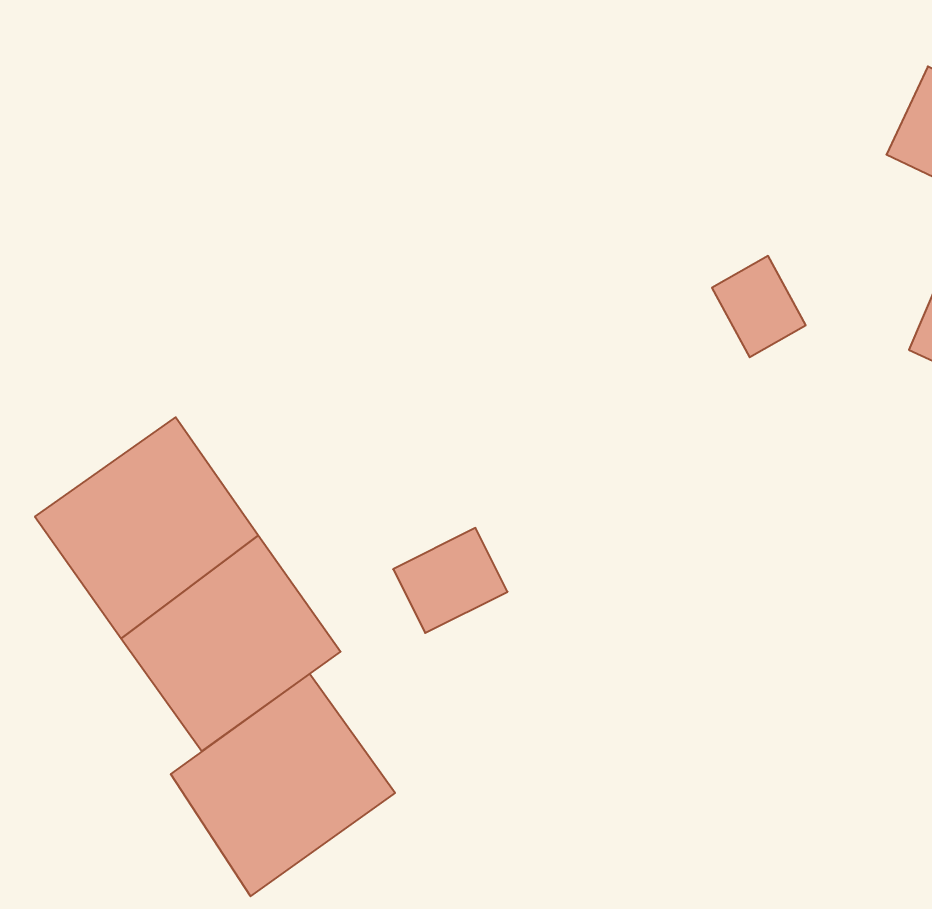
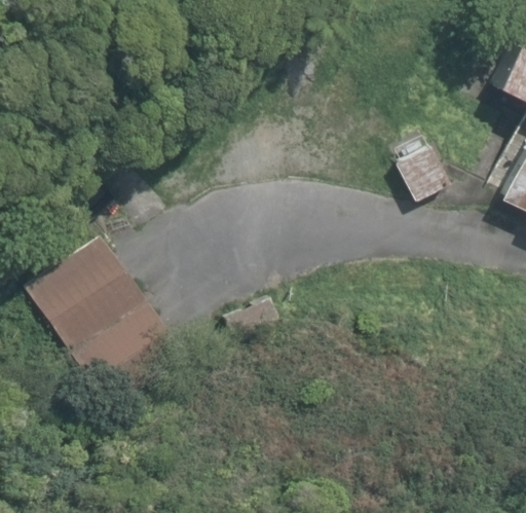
building: [171,674,395,896] -> none

